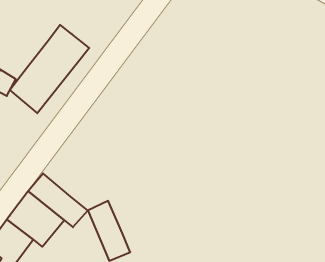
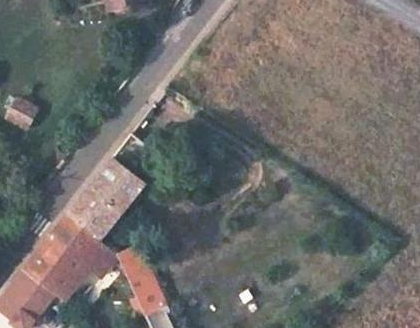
building: [10,25,89,113] -> [66,142,156,242]

